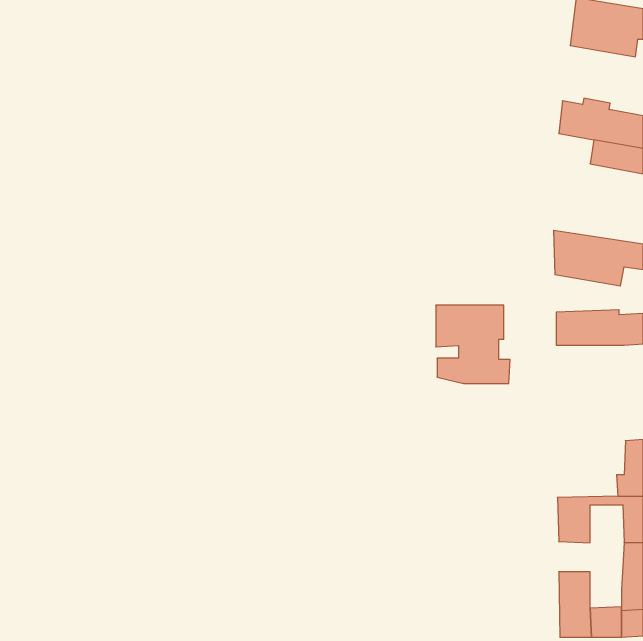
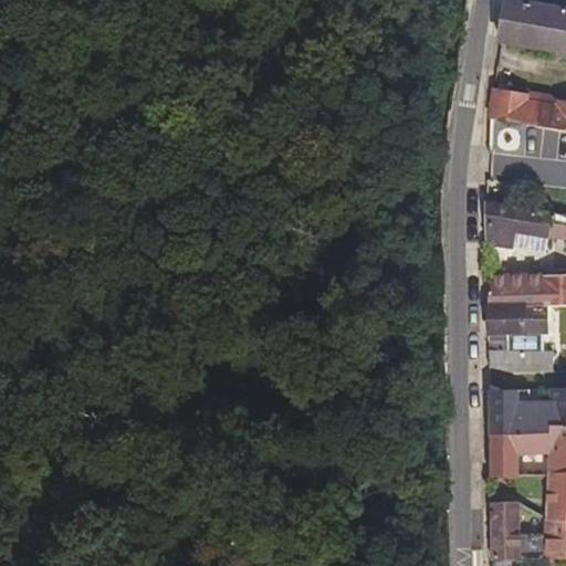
building: [436,305,510,383] -> [489,303,554,371]
building: none -> [490,389,543,437]

